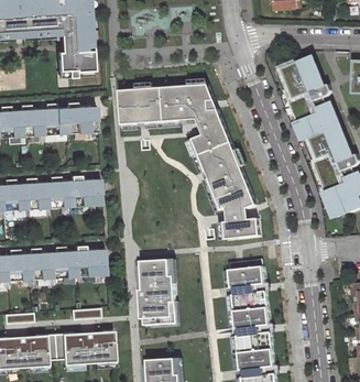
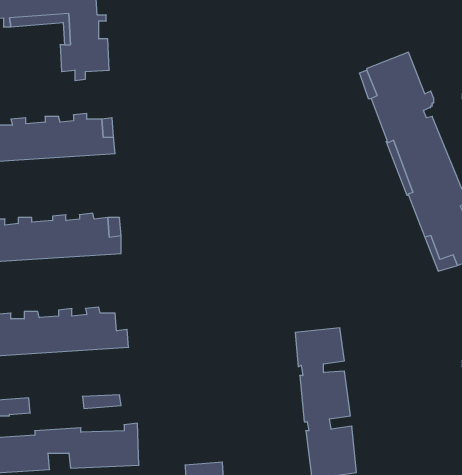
building: [118,85,258,211] -> none
building: [226,219,261,240] -> none
building: [141,260,177,325] -> none

